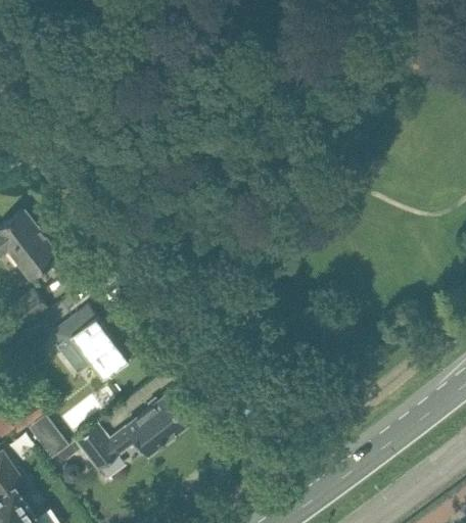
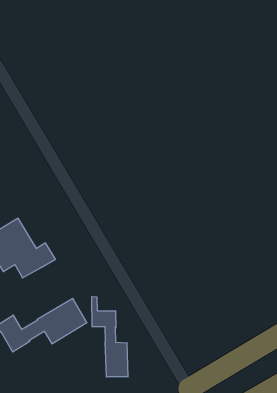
building: none -> [92,297,128,377]

